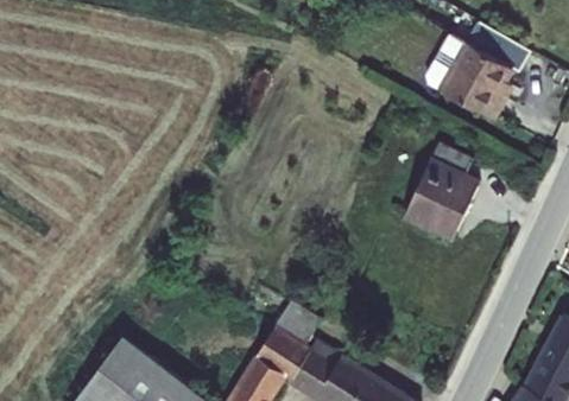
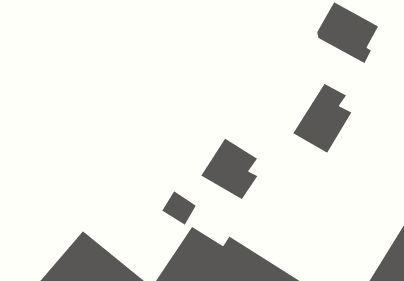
building: none -> [200,137,258,200]
building: [270,294,317,342] -> [161,190,197,226]

